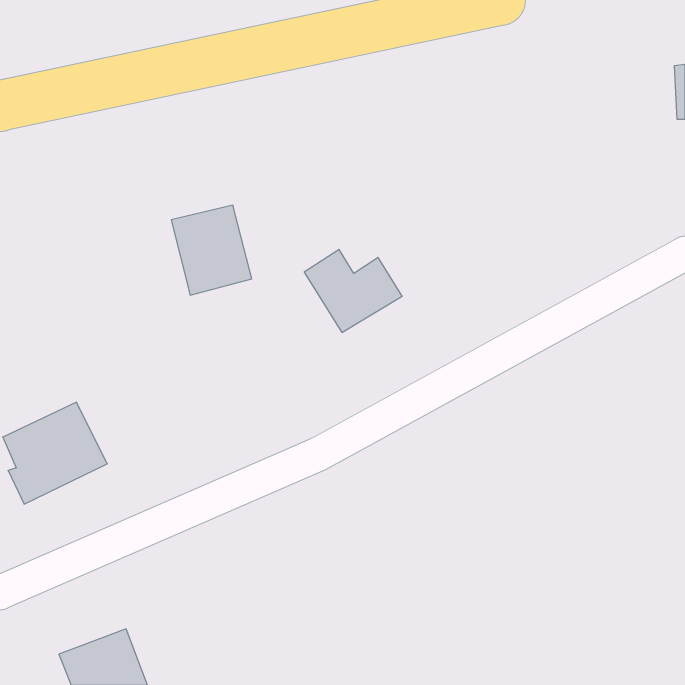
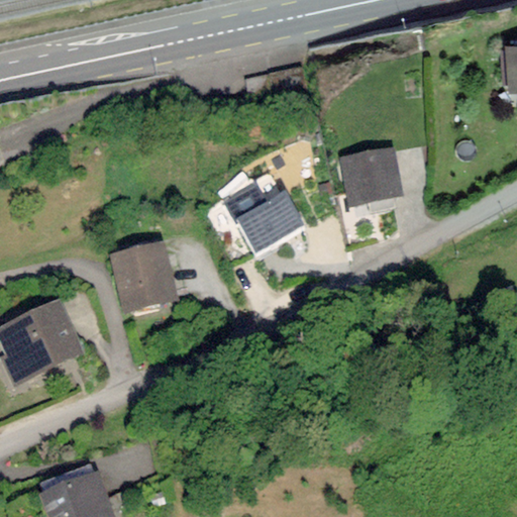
building: none -> [342,150,400,202]
building: [171,205,252,295] -> [113,242,174,310]

